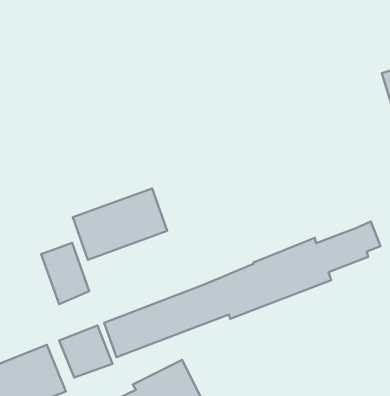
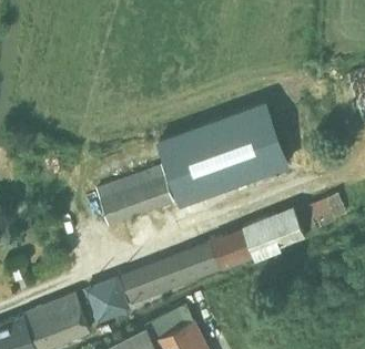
building: none -> [158,104,285,205]
building: [41,243,89,304] -> none

